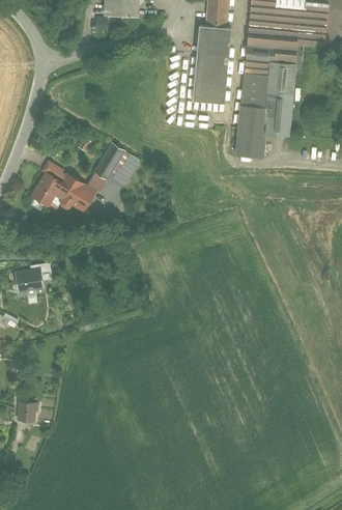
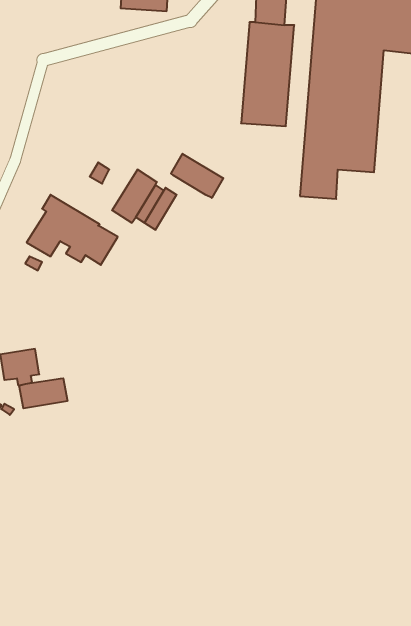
building: none -> [171,154,223,198]
building: none -> [19,378,67,408]
building: [17,397,38,420] -> none

